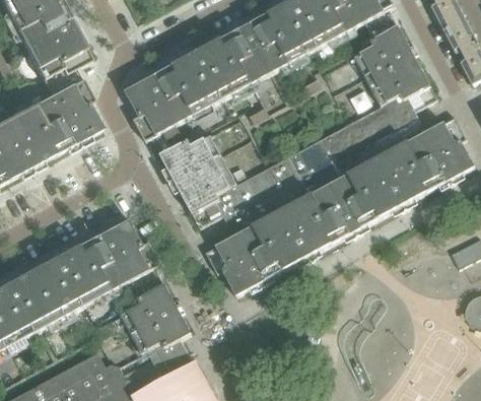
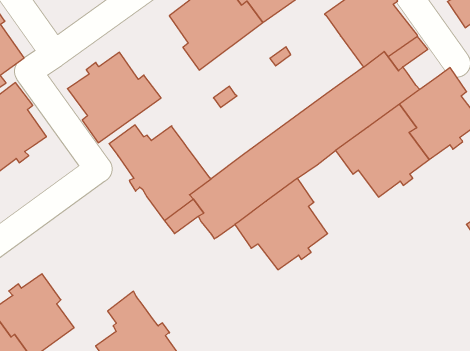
building: [174,39,239,108] -> none
building: [312,173,379,243] -> none
building: [82,218,161,294] -> none
building: [205,224,284,294] -> none

